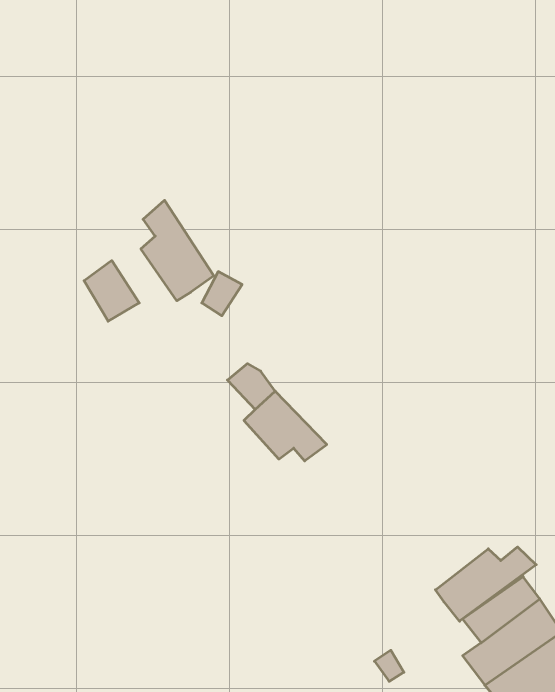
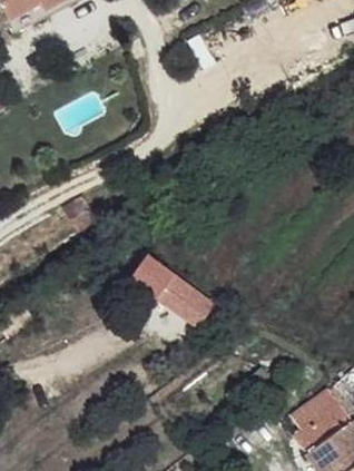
building: [141,200,214,301] -> none
building: [435,547,536,621] -> none

